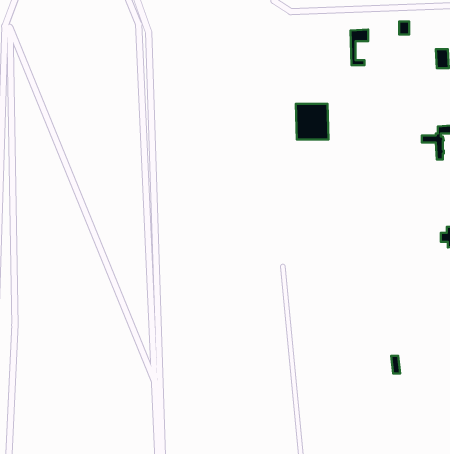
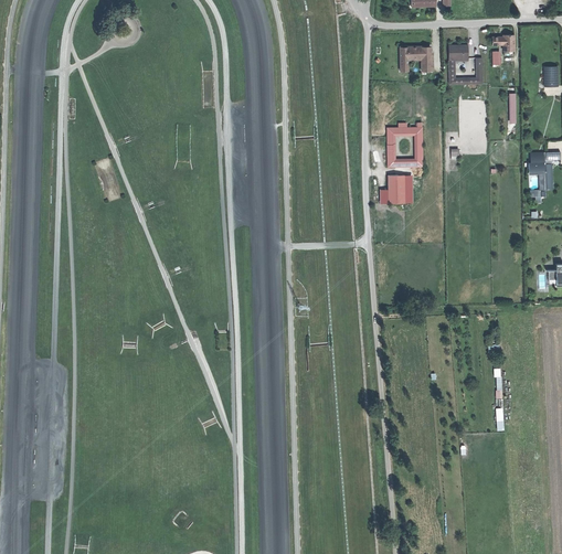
building: none -> [400,47,432,73]
building: none -> [389,175,405,204]

